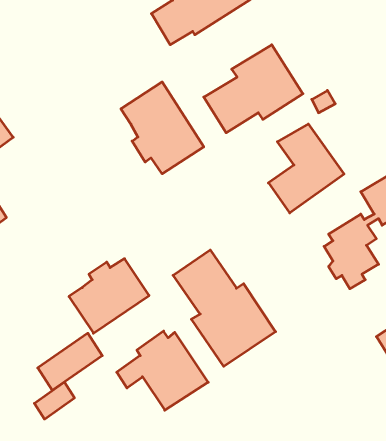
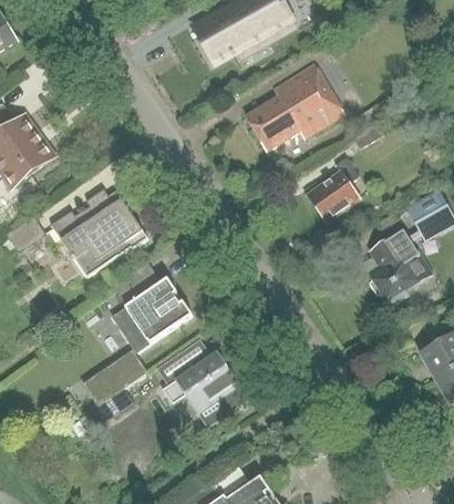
building: [121,82,204,174] -> none
building: none -> [52,191,147,277]
building: [173,250,276,366] -> none

